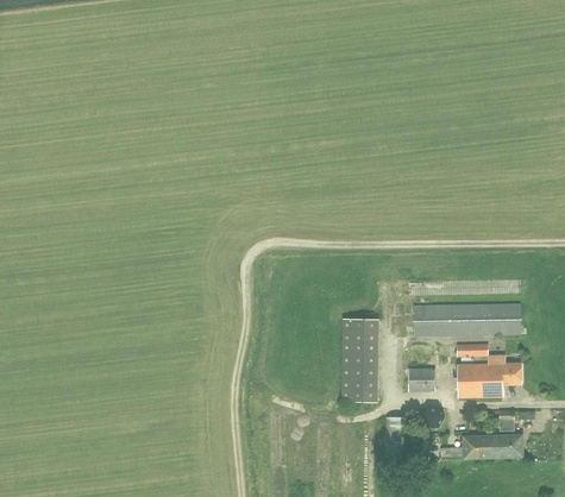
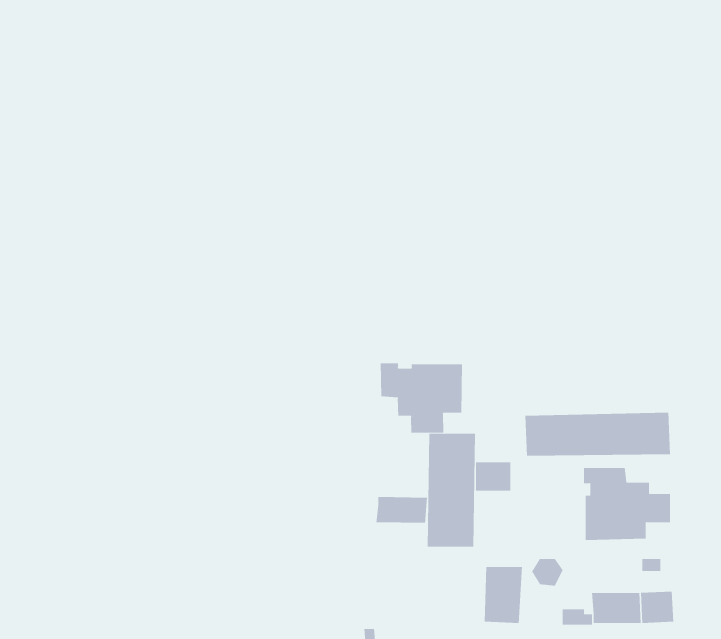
building: none -> [380,363,463,433]
building: none -> [376,496,428,524]
building: [408,369,434,390] -> [475,462,511,491]

